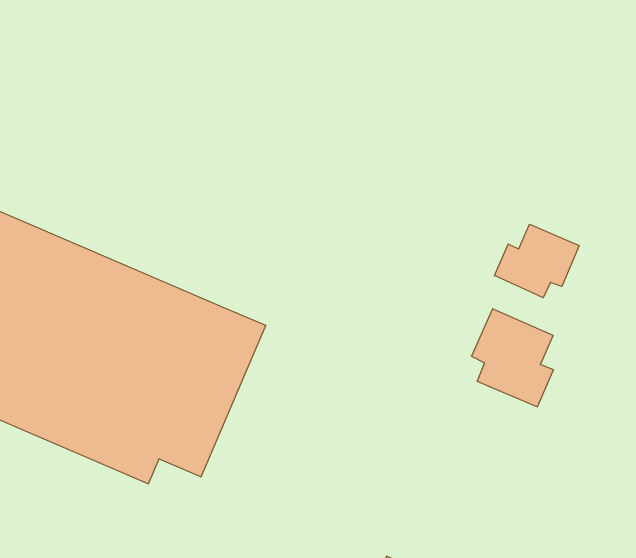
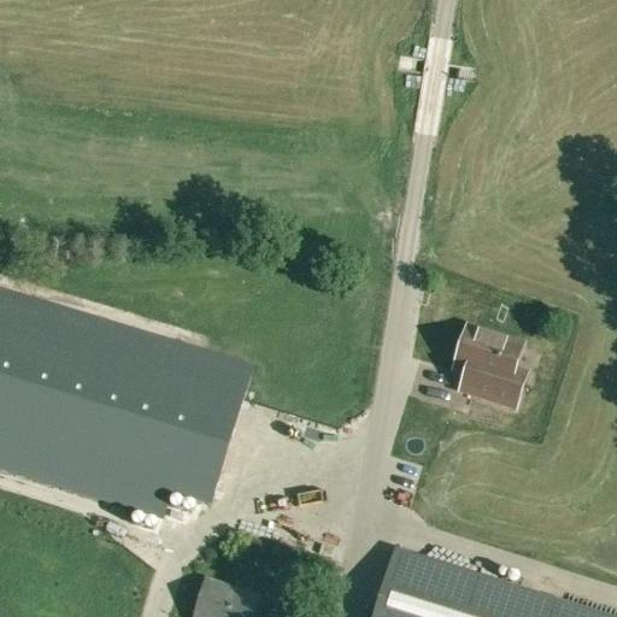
building: [494,224,579,298] -> none

